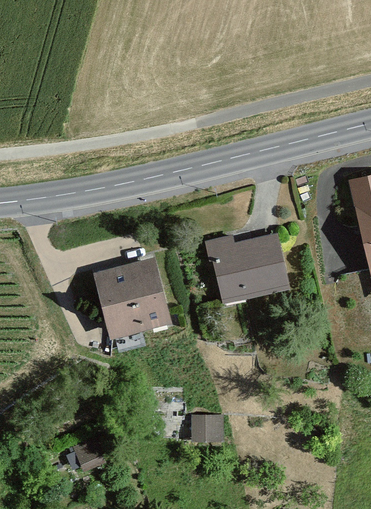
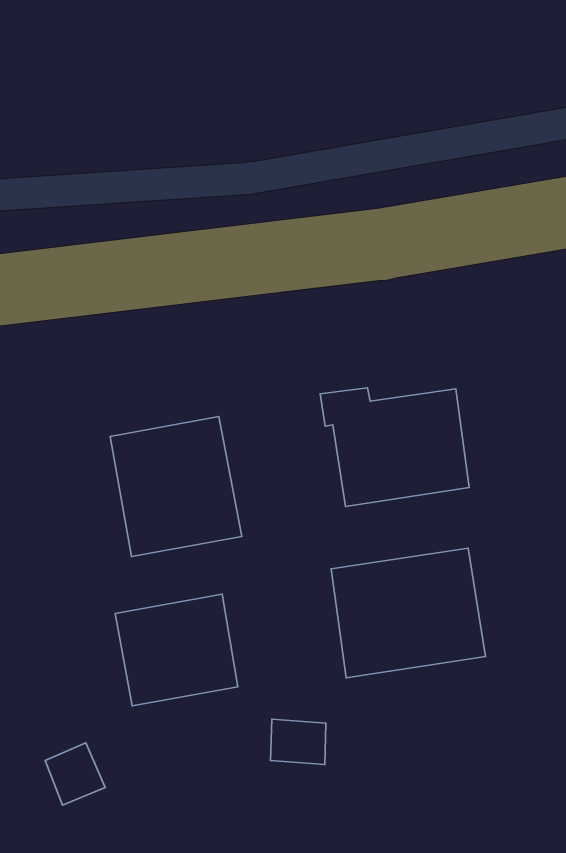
building: none -> [331,548,486,678]
building: none -> [115,594,238,706]

